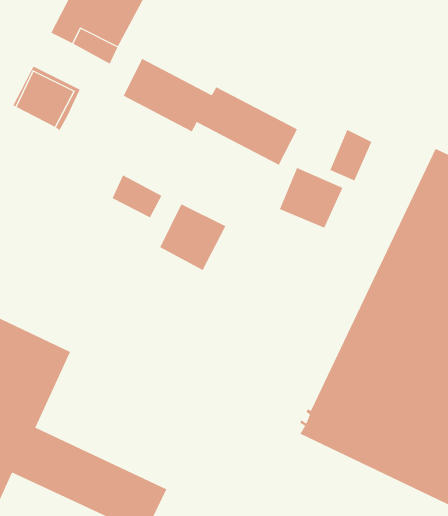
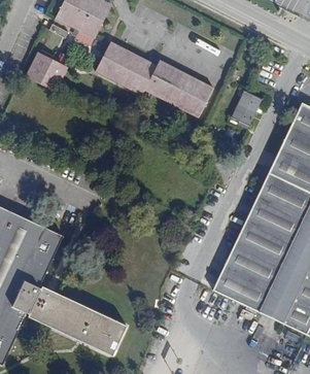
building: [279,167,343,228] -> none
building: [112,174,162,218] -> none
building: [159,203,226,271] -> none

